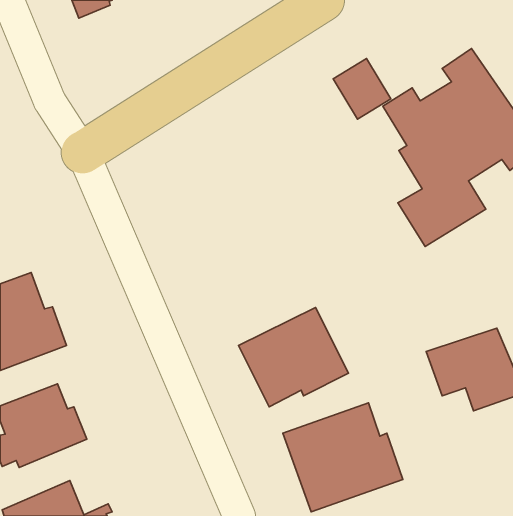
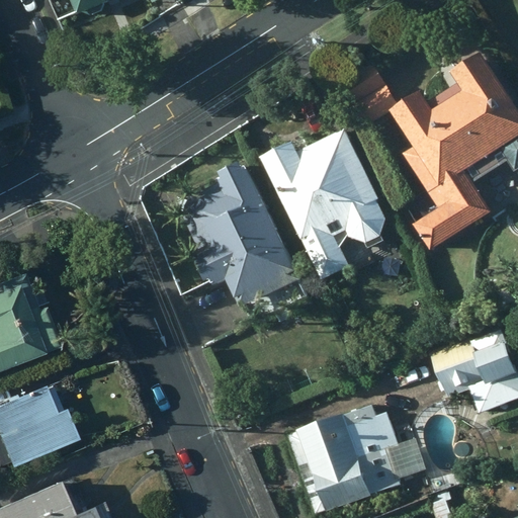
building: none -> [258,128,384,266]
building: none -> [180,160,306,322]
building: [239,307,348,407] -> none

